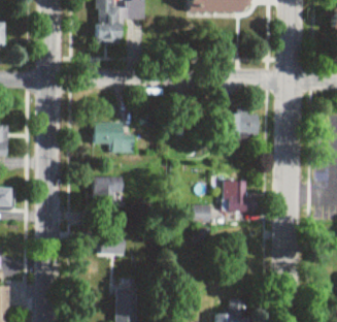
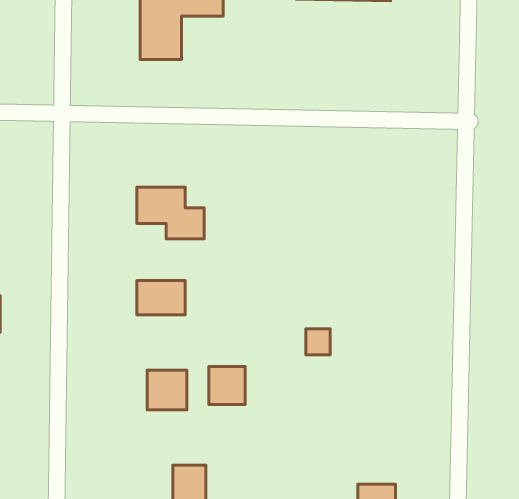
building: [229,112,258,138] -> none
building: [225,182,257,213] -> none
building: none -> [209,367,245,405]

